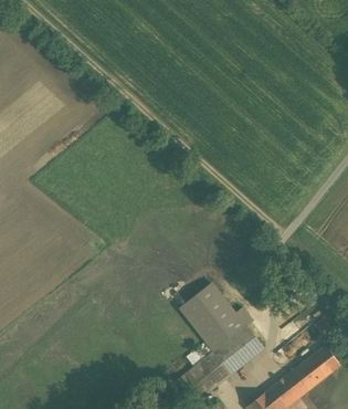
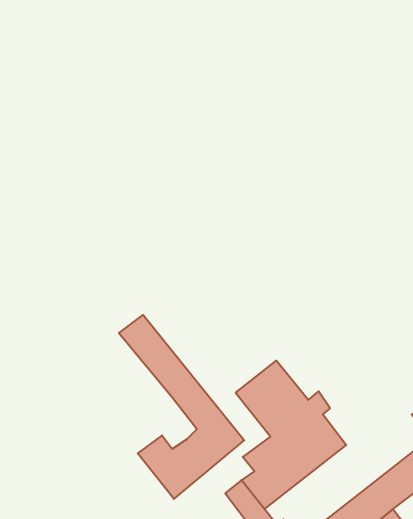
building: none -> [119,315,244,499]

